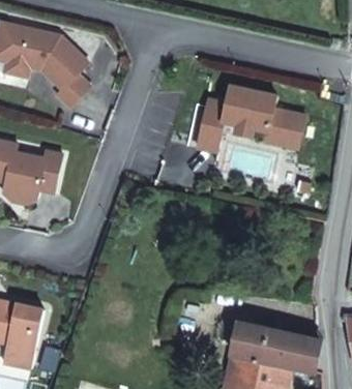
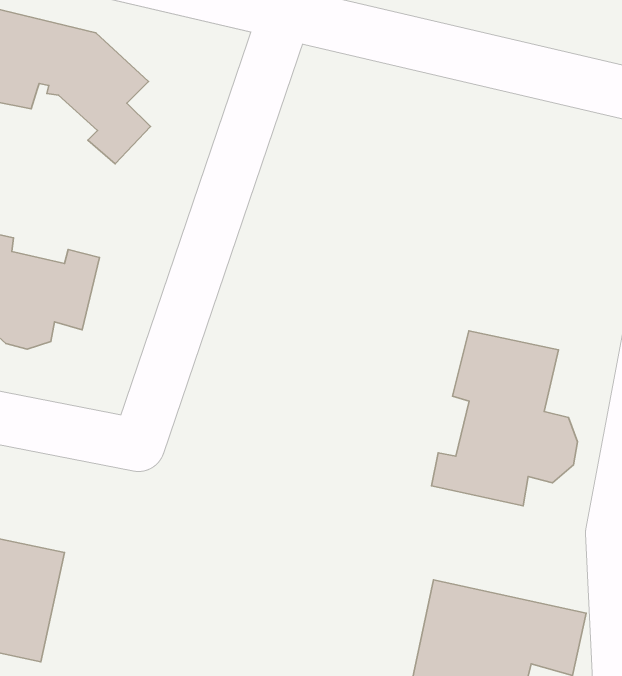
building: [198,86,305,152] -> none
building: none -> [431,331,578,506]

